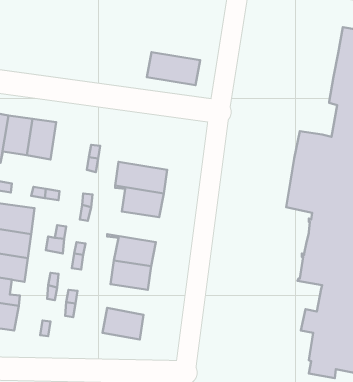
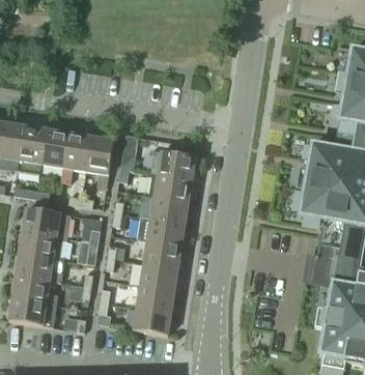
building: [147,52,200,85] -> [146,147,195,177]
building: none -> [84,134,112,184]
building: none -> [136,214,184,243]
building: none -> [136,282,173,310]

